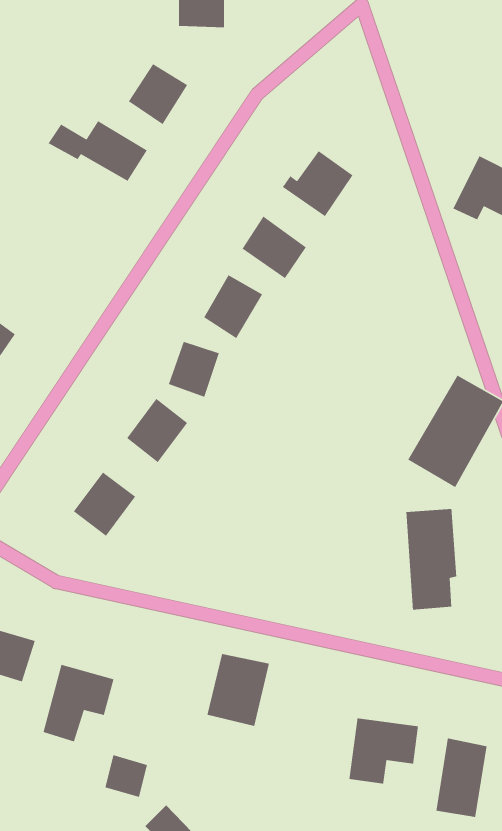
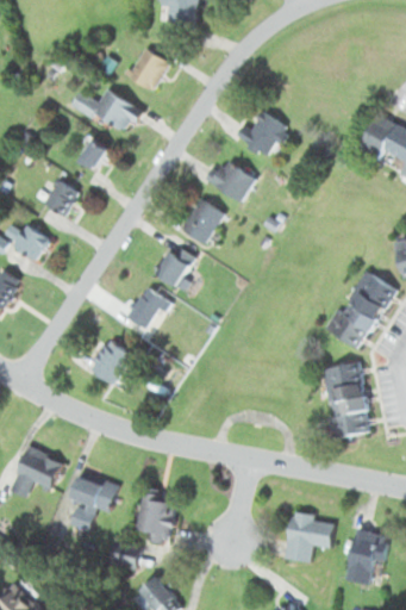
building: none -> [79,137,110,169]
building: none -> [43,178,80,214]
building: [206,653,270,727] -> [133,490,179,542]

